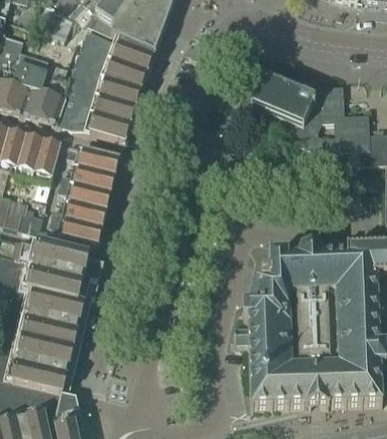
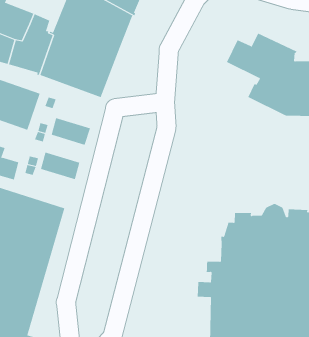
building: [77,148,118,175] -> none
building: [68,184,109,211] -> none
building: [60,221,101,248] -> none

